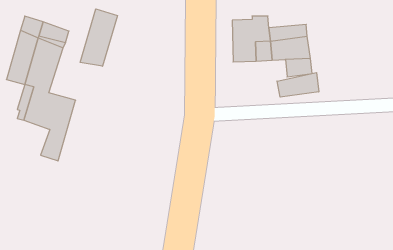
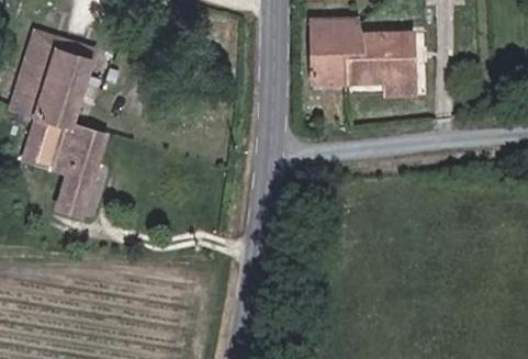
building: [80,9,118,66] -> none
building: [277,73,319,97] -> none

